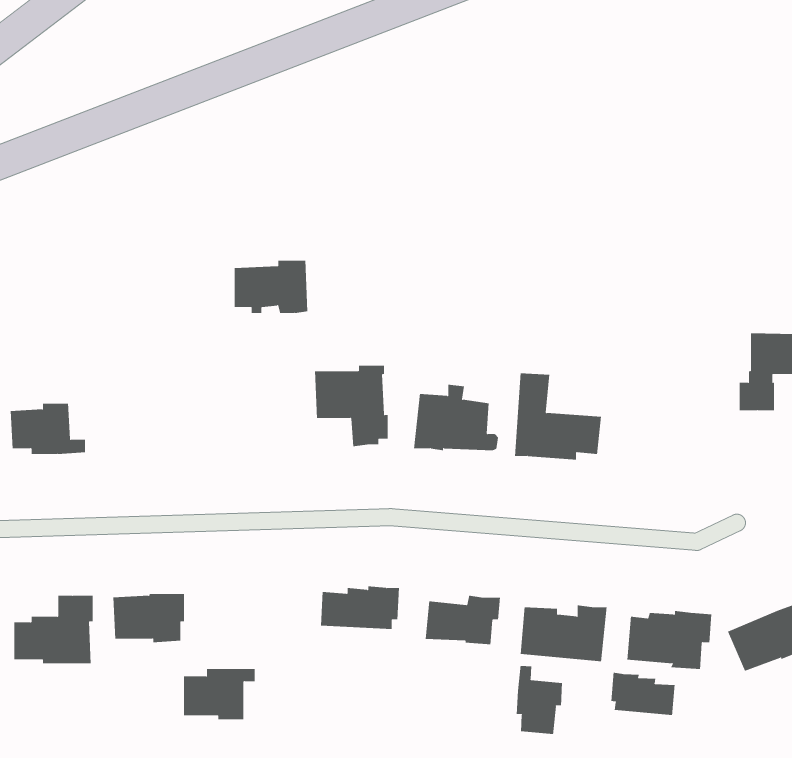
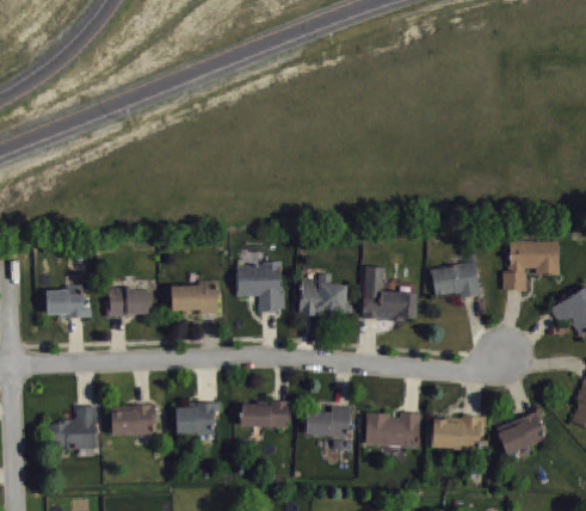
building: [234,260,308,313] -> [172,281,218,314]
building: none -> [431,261,482,297]
building: none -> [107,288,153,316]
building: [516,665,563,735] -> none
building: [183,668,256,720] -> [175,402,221,435]
building: [611,672,675,716] -> none

